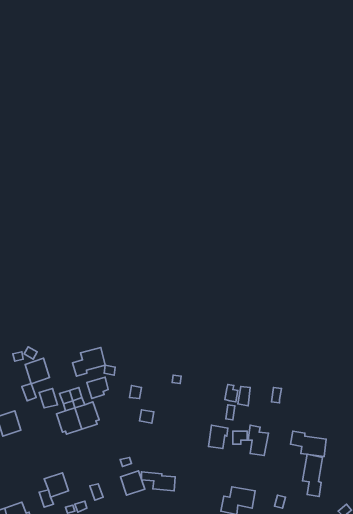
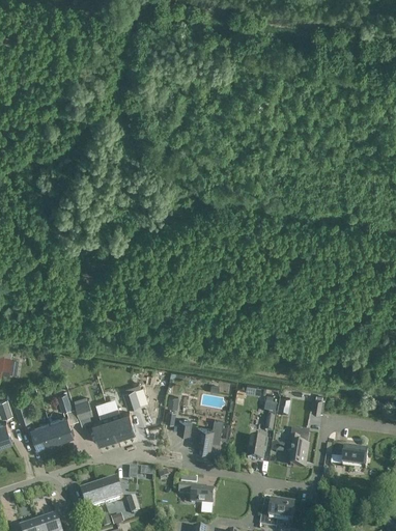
building: [73,348,105,376] -> none
building: [25,358,49,384] -> [49,415,74,441]
building: none -> [195,420,222,451]
building: [303,454,323,496] -> none
building: [120,471,145,495] -> [97,478,122,503]

